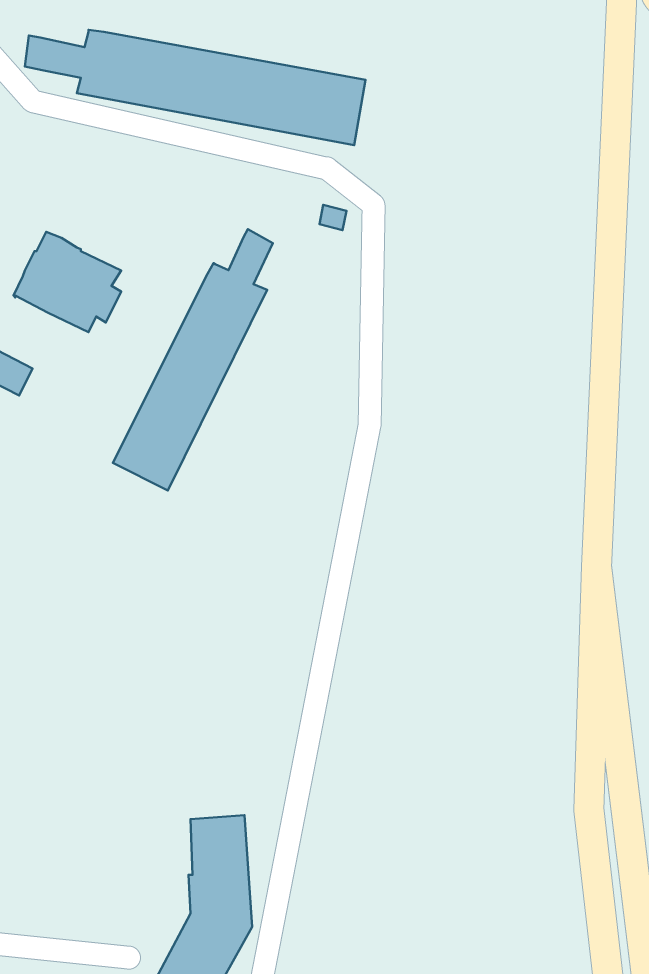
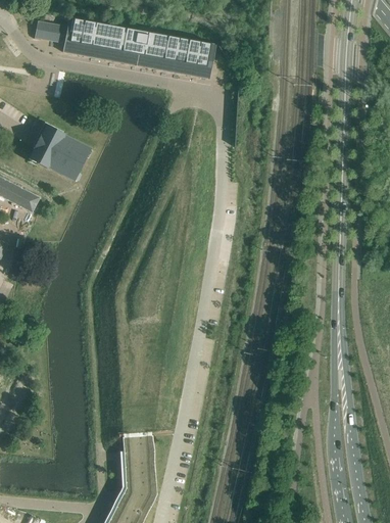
building: [113,229,273,491] -> none

